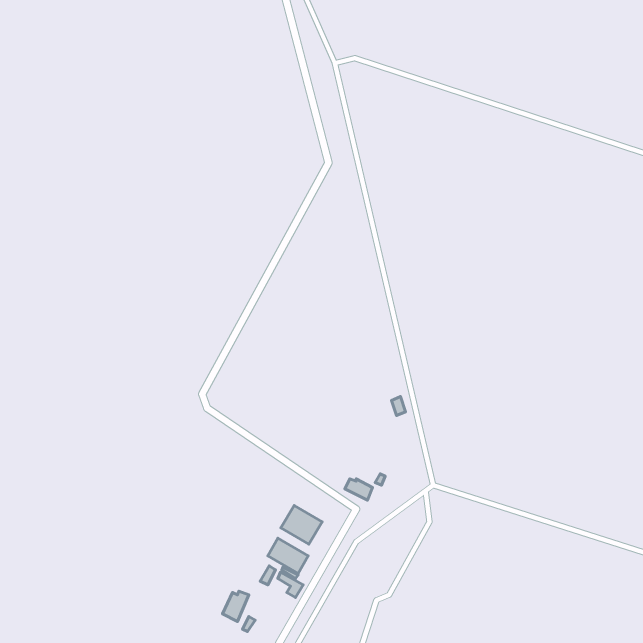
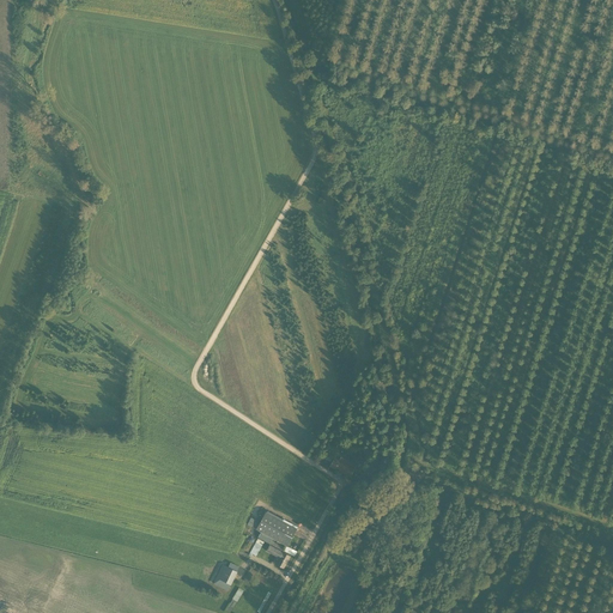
building: [281,505,322,544] -> none

